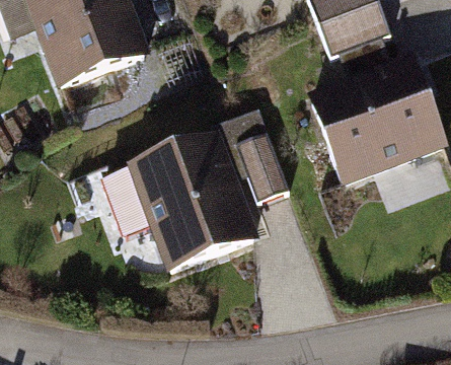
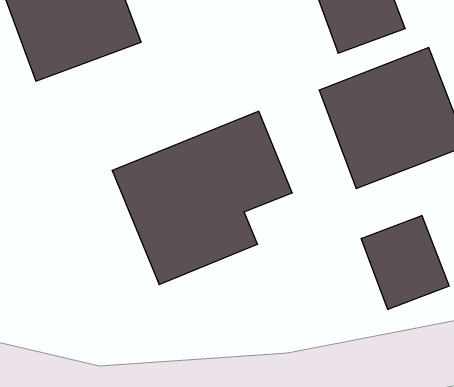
building: none -> [361,215,449,310]

